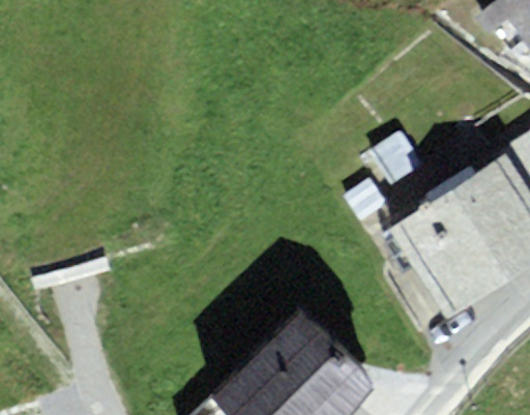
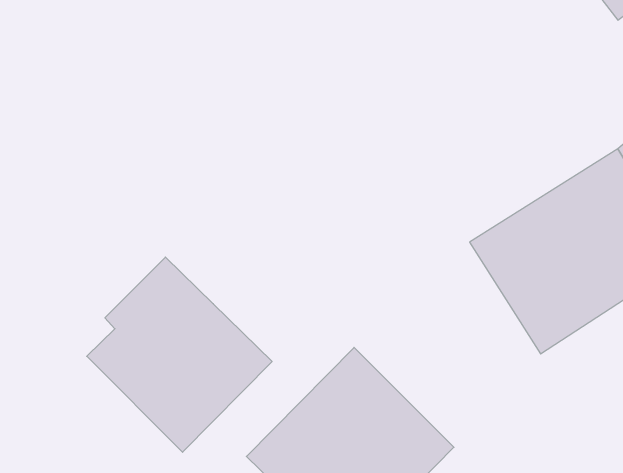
building: none -> [87,257,272,452]

